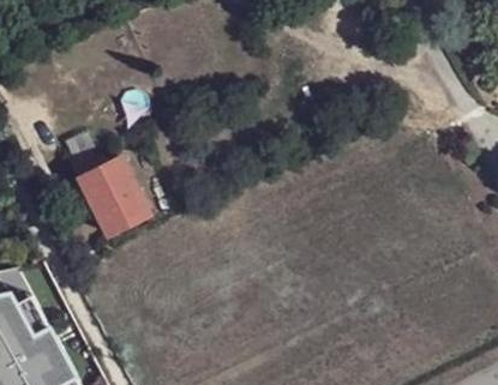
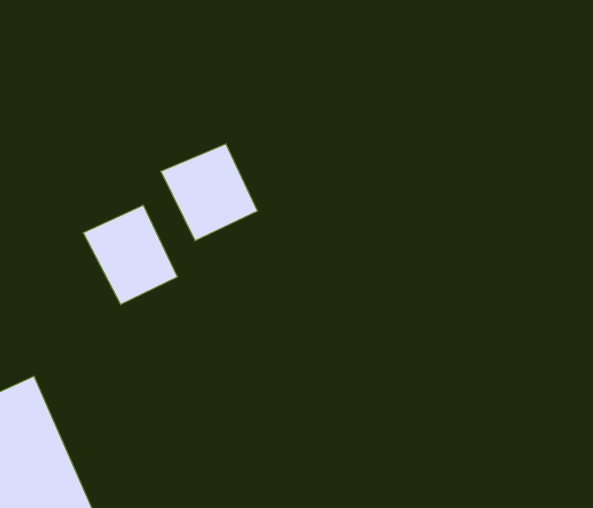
building: none -> [161,144,258,241]

